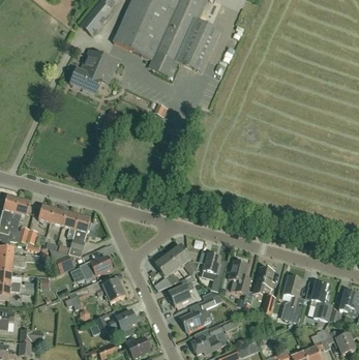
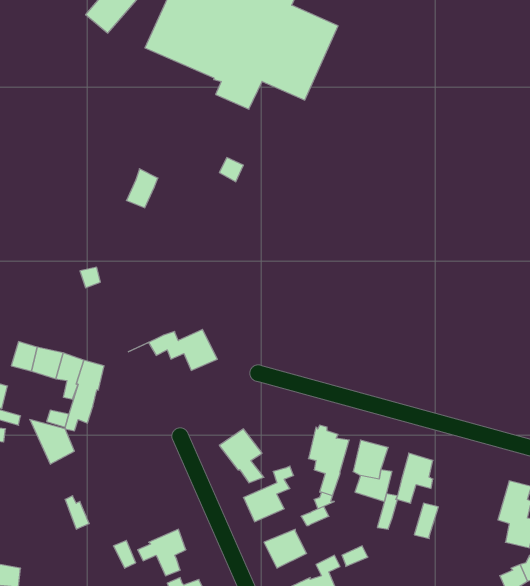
building: [70,49,117,93] -> none
building: [168,244,199,275] -> none
building: [79,254,112,278] -> none
building: [282,275,302,320] -> none
building: [74,278,124,301] -> [128,329,217,370]

